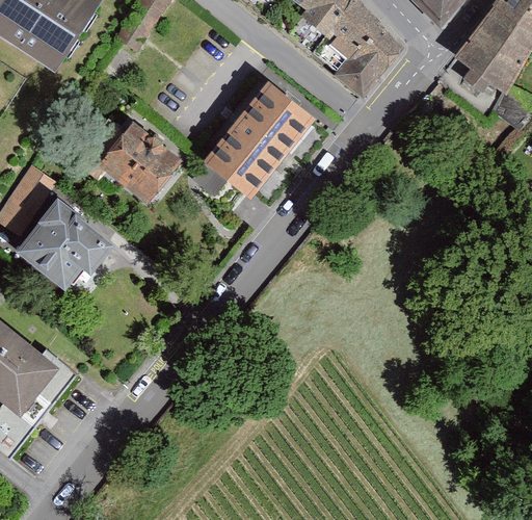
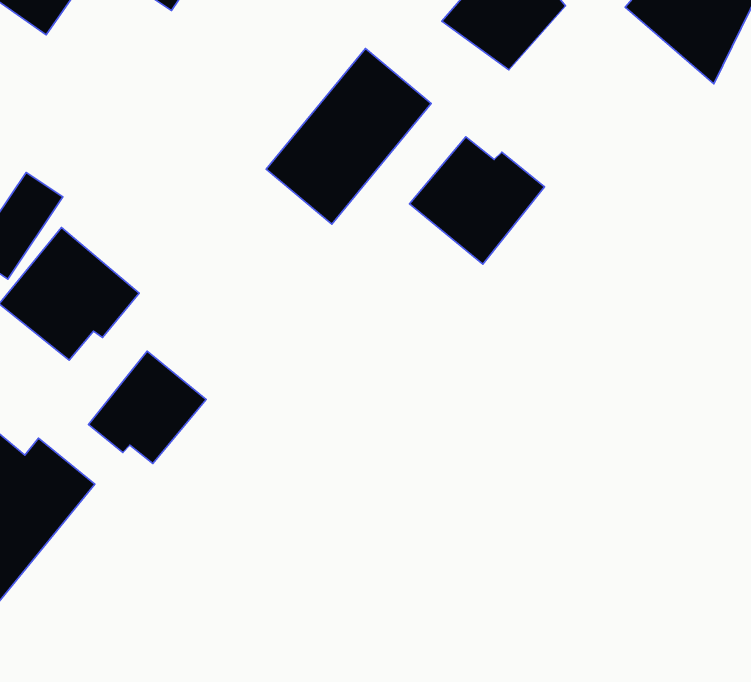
building: [92,121,179,205] -> none
building: none -> [410,137,545,264]
building: none -> [88,351,206,463]

